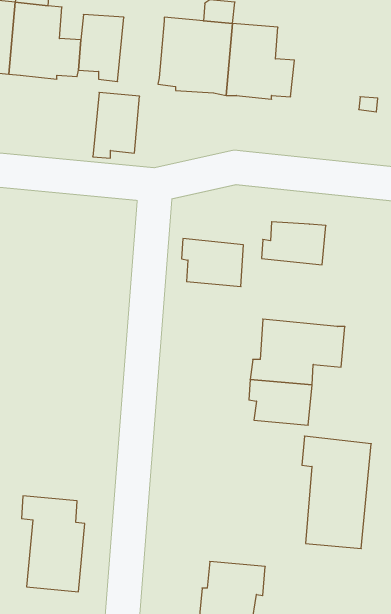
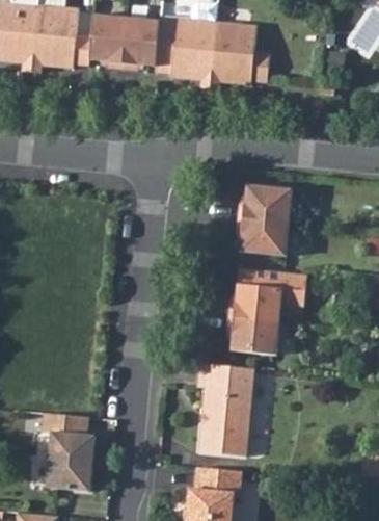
building: [93,92,140,158] -> [119,18,158,72]
building: [182,239,243,287] -> [237,216,288,256]
building: [302,436,371,549] -> [196,362,253,454]

